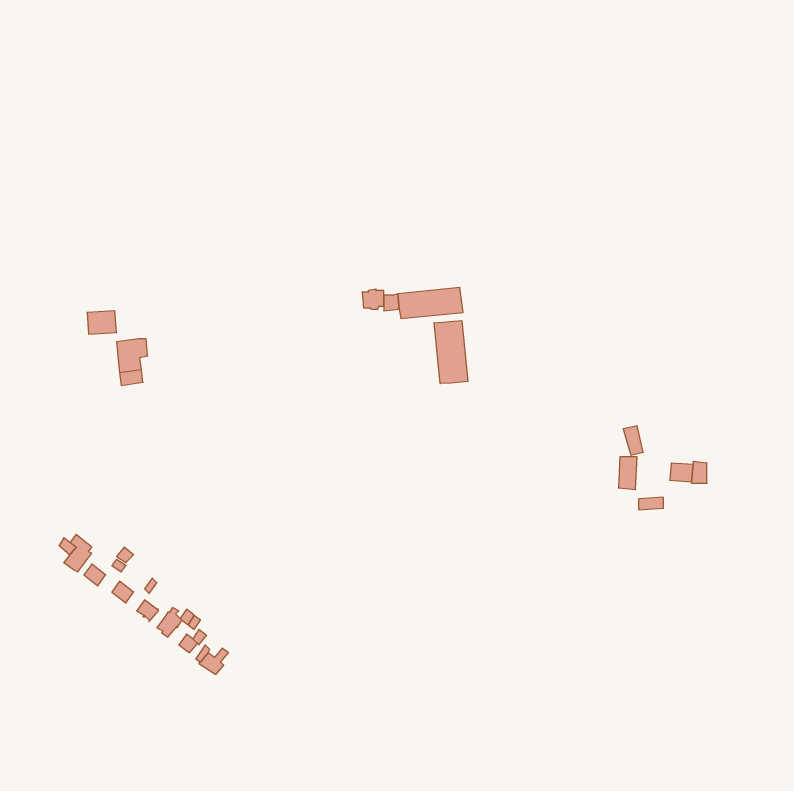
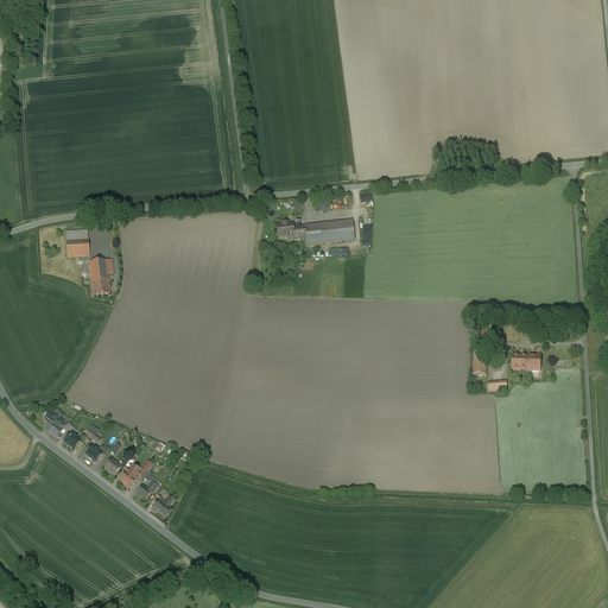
building: [434,321,468,384] -> none

